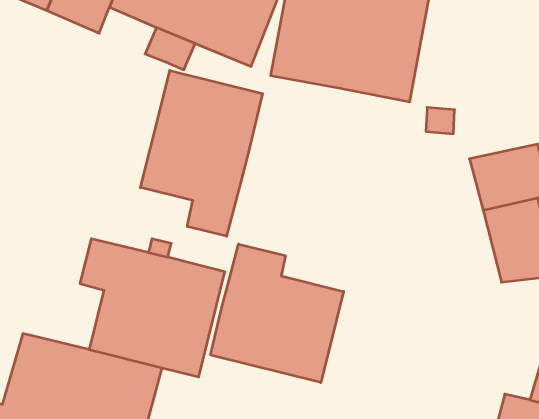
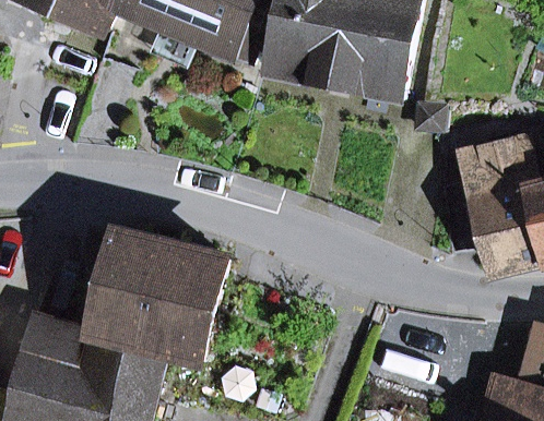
building: [140,70,263,236] -> none
building: [211,244,344,383] -> none

